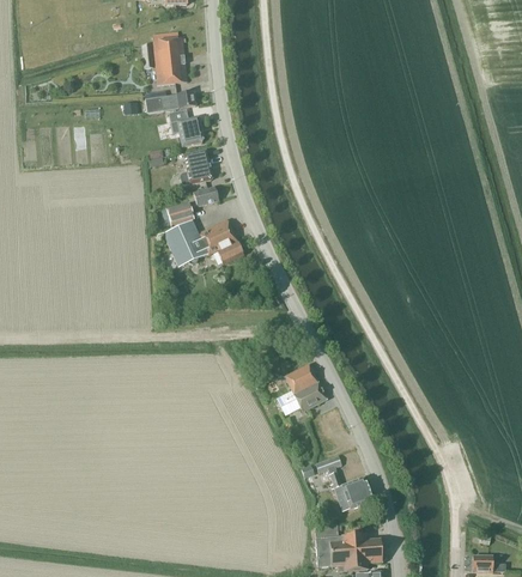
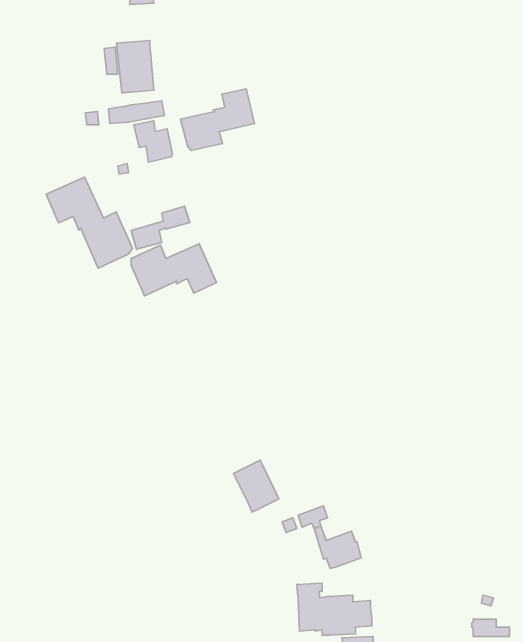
building: none -> [181,89,254,151]
building: [178,150,212,184] -> none
building: none -> [46,177,132,268]
building: [285,364,326,411] -> [233,460,279,512]

